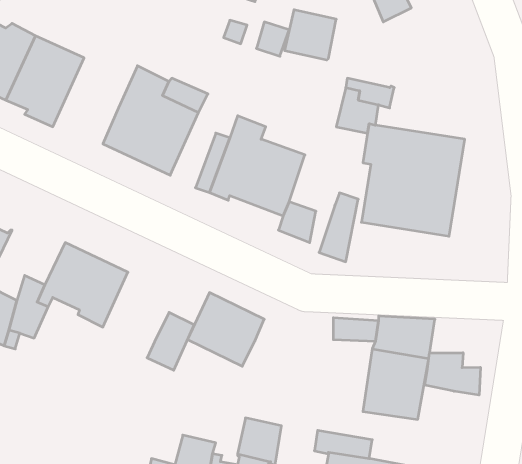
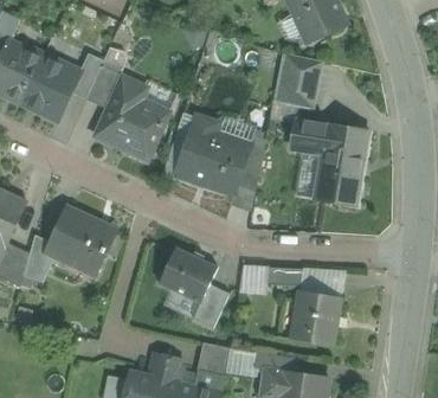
building: [285,10,336,60] -> [279,54,318,92]
building: none -> [85,65,122,108]
building: [319,193,358,262] -> [236,134,265,186]
building: [147,312,194,370] -> [193,284,228,328]
building: none -> [241,265,269,293]
building: [425,353,480,395] -> none

